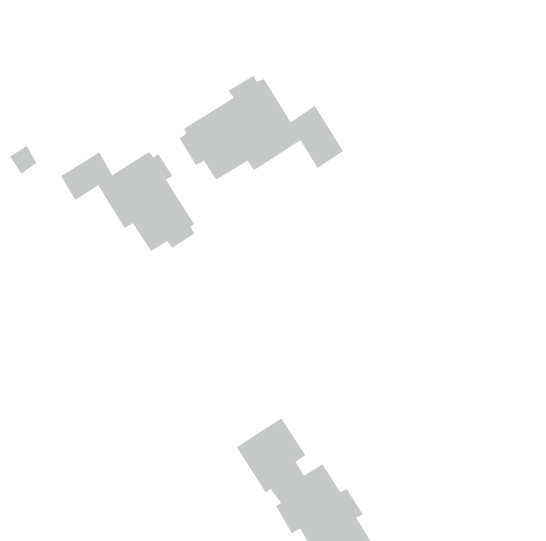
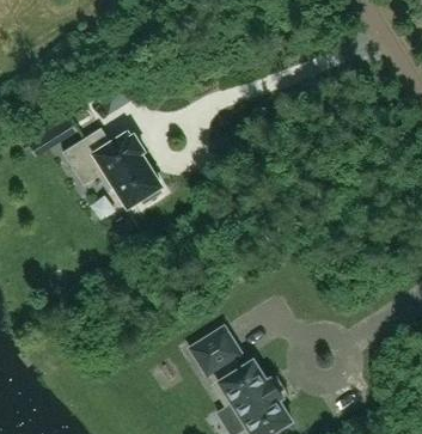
building: [179,75,344,181] -> none

